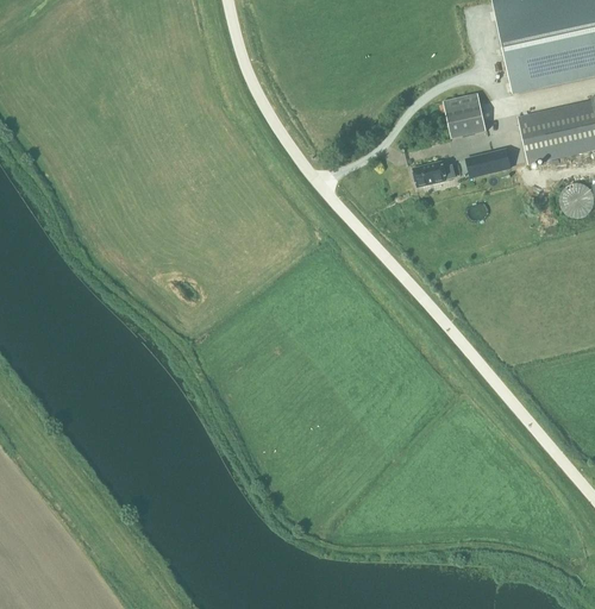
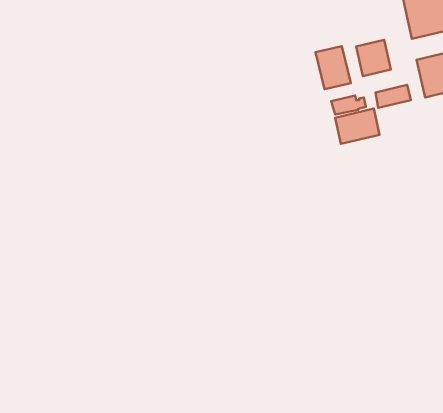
building: none -> [315,46,351,89]
building: none -> [335,109,379,144]

